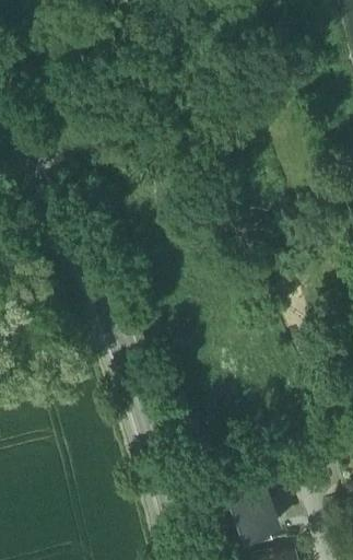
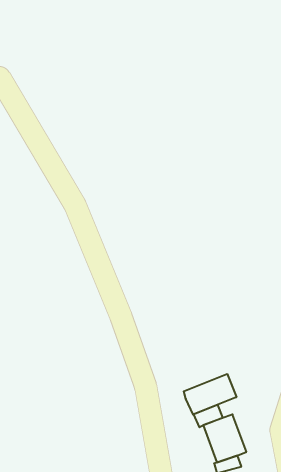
building: none -> [184,374,236,415]

